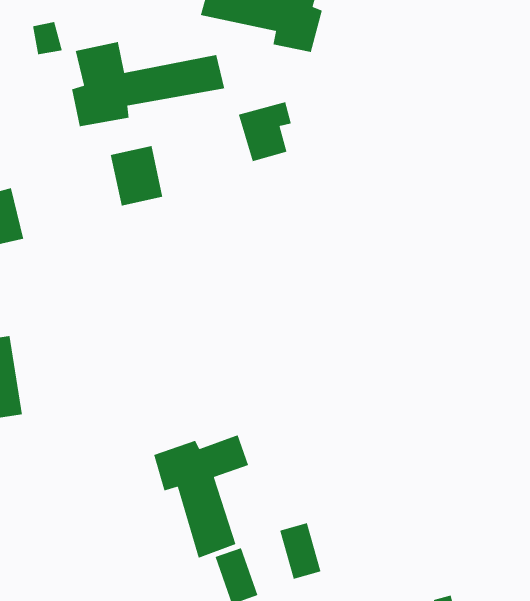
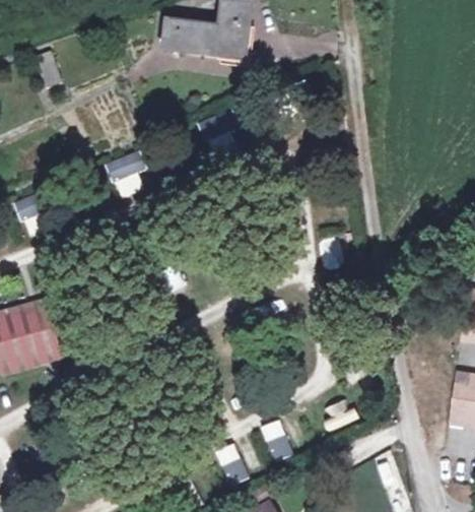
building: [71,41,225,127] -> none
building: [153,434,249,559] -> none

